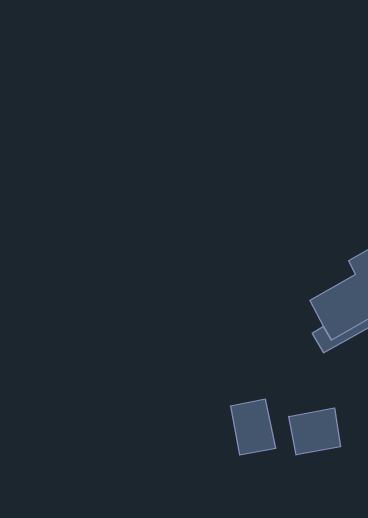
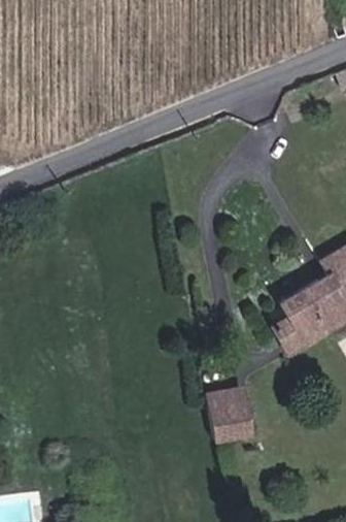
building: [289,408,340,455] -> none

